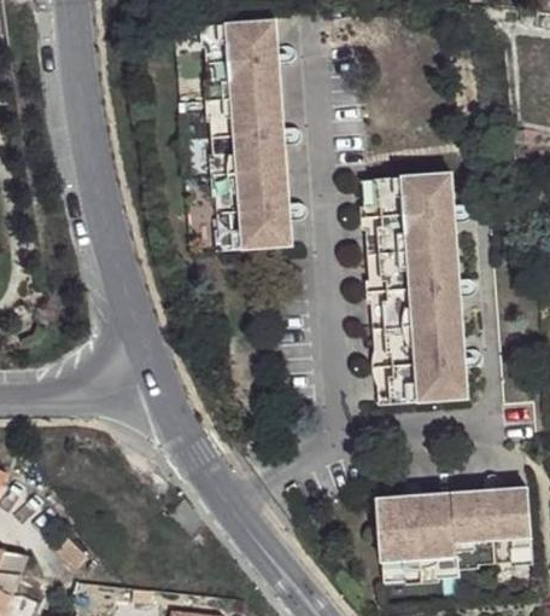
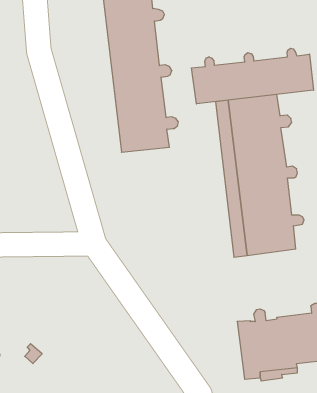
building: none -> [192,48,314,104]

